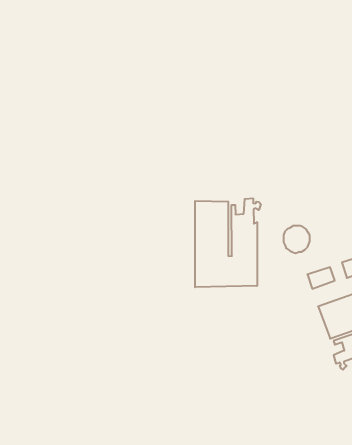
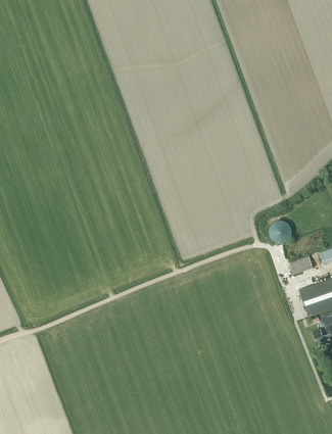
building: [195,198,261,287] -> none

